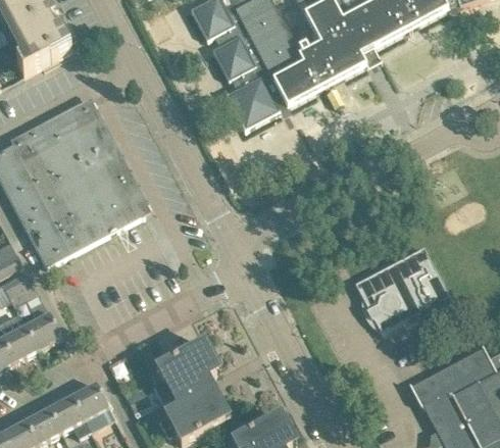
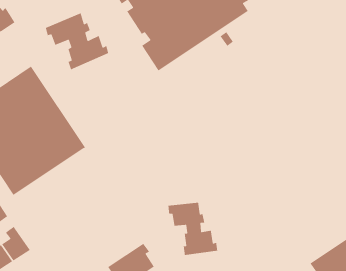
building: none -> [45,12,109,71]
building: [355,246,453,333] -> none
building: none -> [167,202,218,256]

